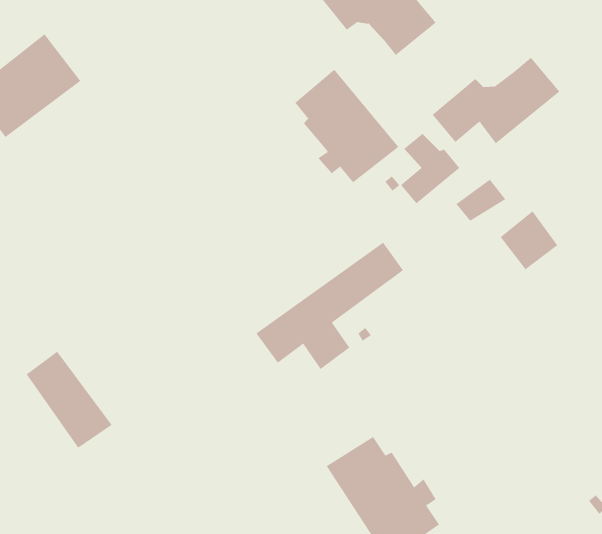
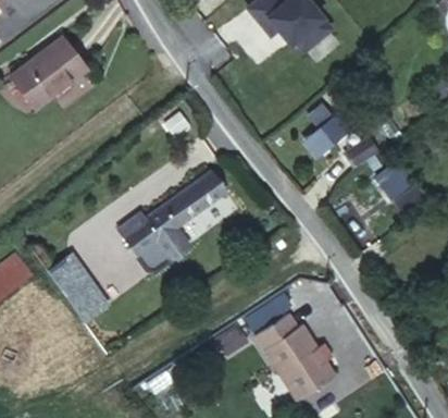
building: [432,57,560,144] -> none
building: [295,69,399,183] -> none
building: [255,242,404,370] -> [124,172,226,260]

